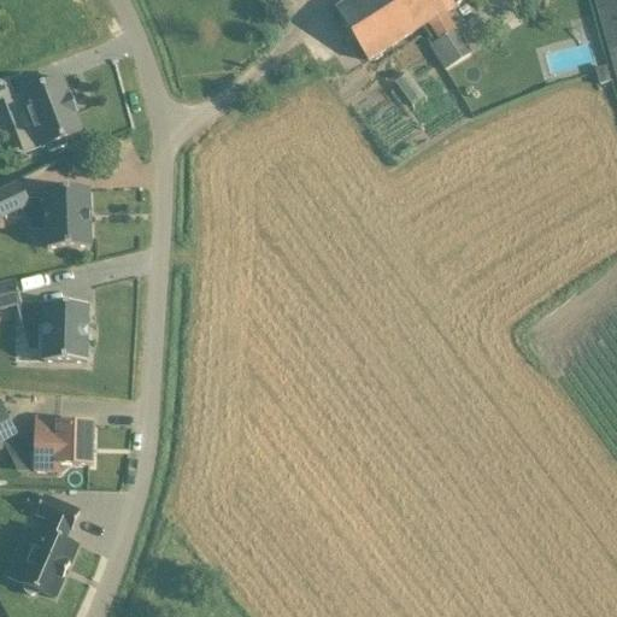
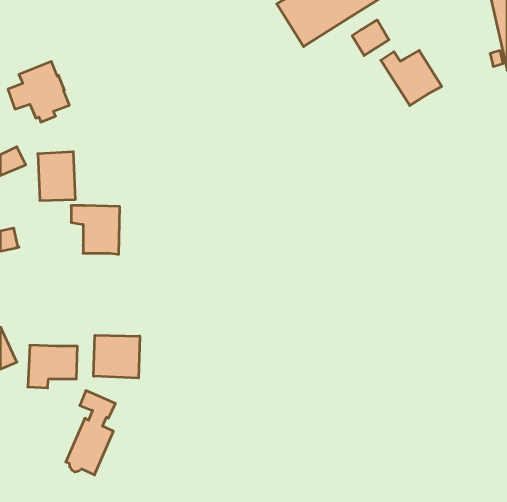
building: none -> [381,50,442,106]
building: [30,300,89,359] -> [71,206,120,254]
building: none -> [94,335,140,378]
building: [13,492,74,594] -> [66,391,115,475]

